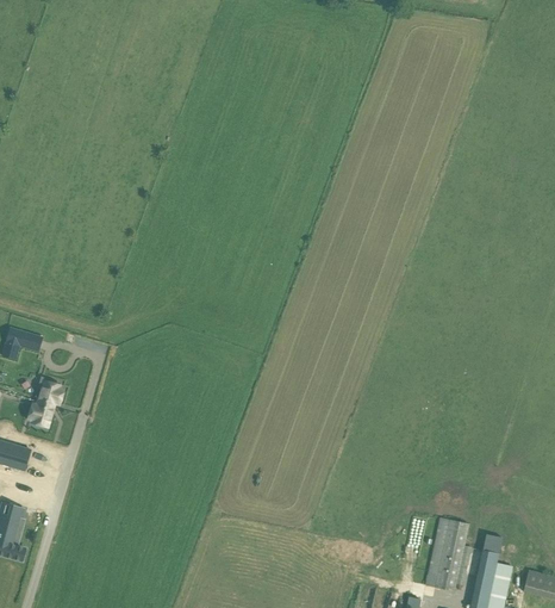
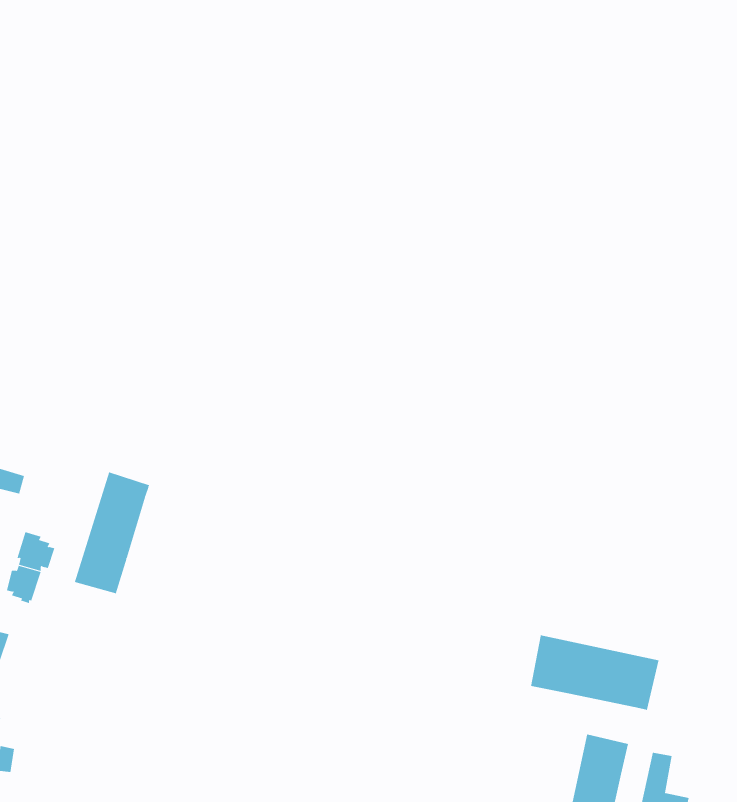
building: none -> [74,471,150,594]
building: none -> [531,634,659,711]

